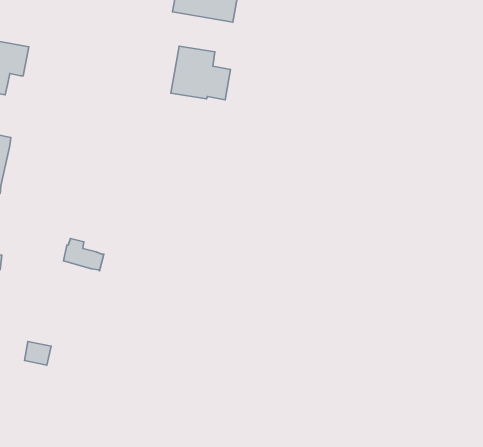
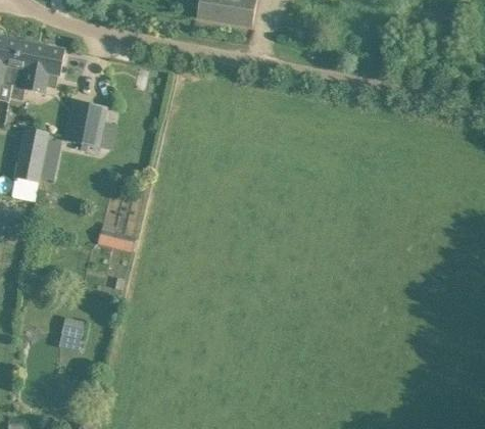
building: [171,46,230,100] -> none
building: none -> [66,99,106,153]

